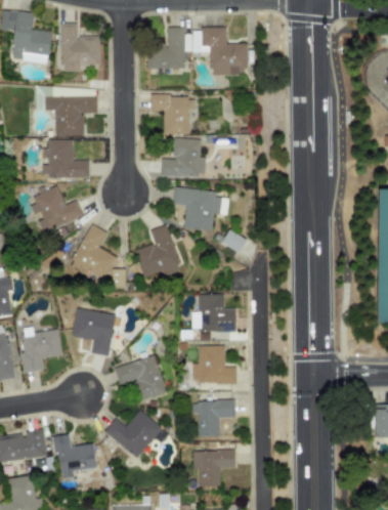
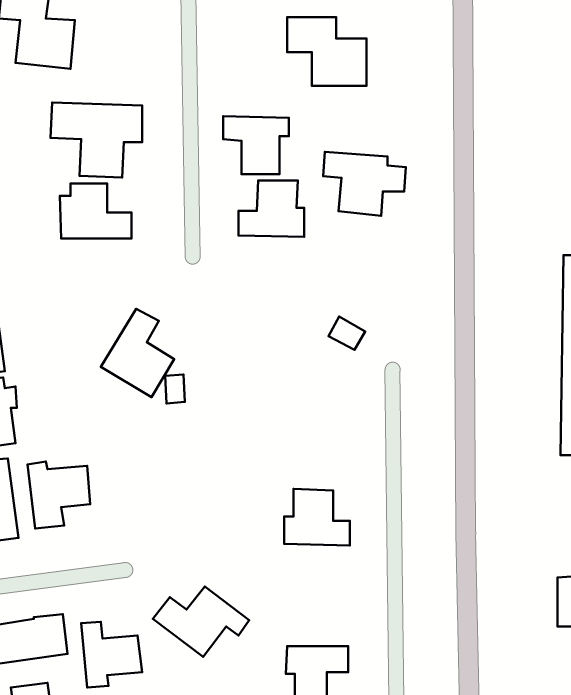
building: [60,23,100,72] -> none
building: [147,27,186,69] -> none
building: [31,186,85,243] -> none
building: [174,187,229,230] -> [323,152,406,216]
building: [135,224,181,280] -> none
building: [192,293,236,332] -> none
building: [74,308,115,355] -> none
building: [115,355,167,400] -> none
building: [192,400,236,436] -> none

